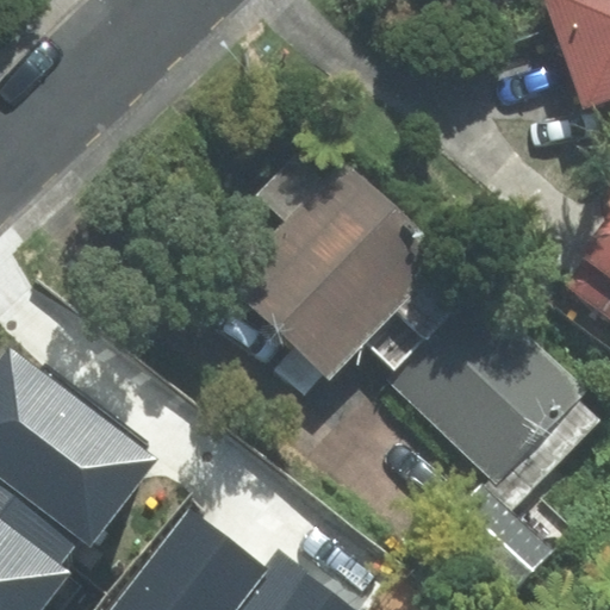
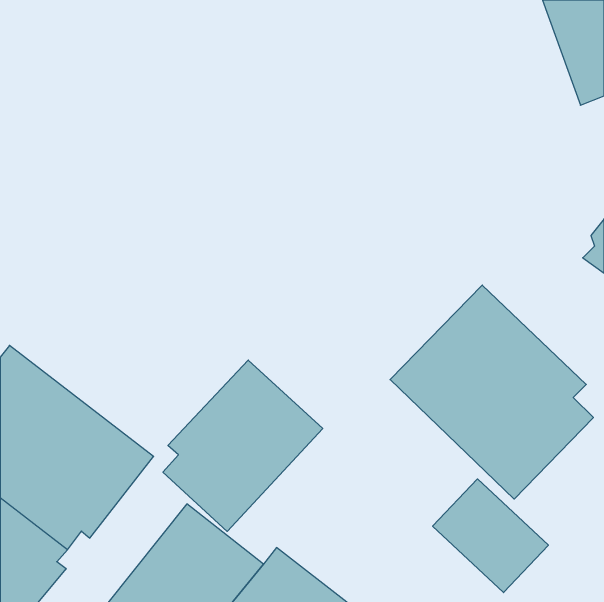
building: [228,138,443,378] -> none
building: none -> [163,360,323,531]

